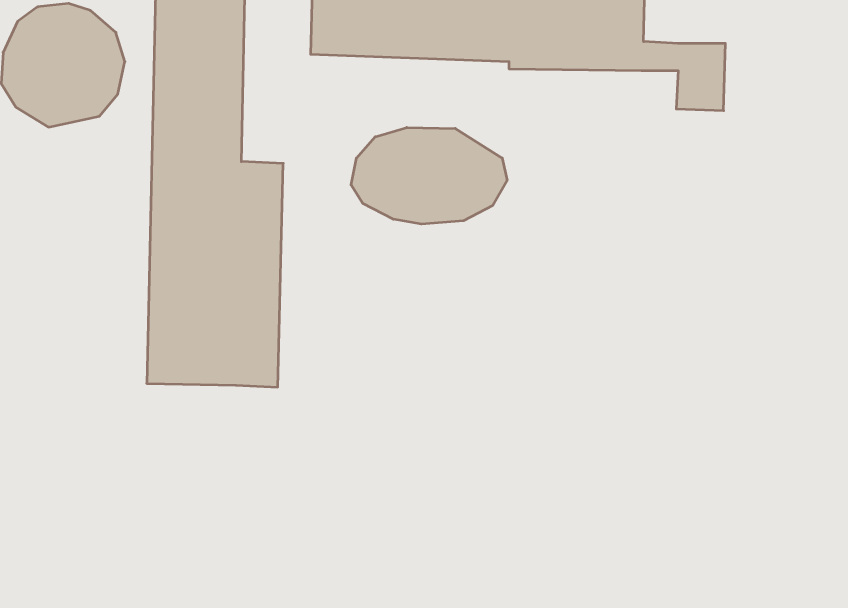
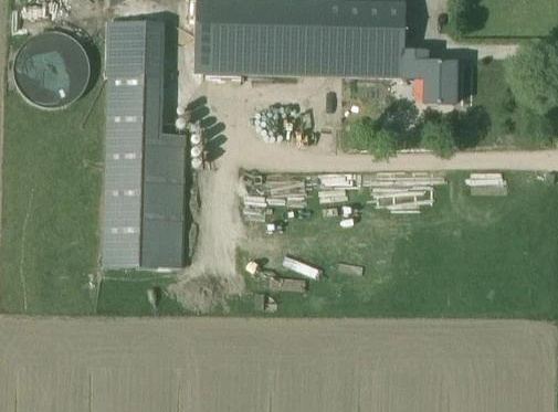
building: [351,127,507,224] -> none

